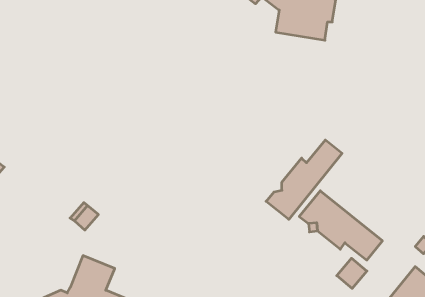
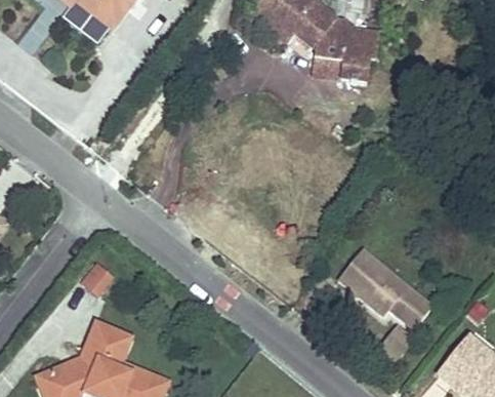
building: [266,140,342,219] -> none

